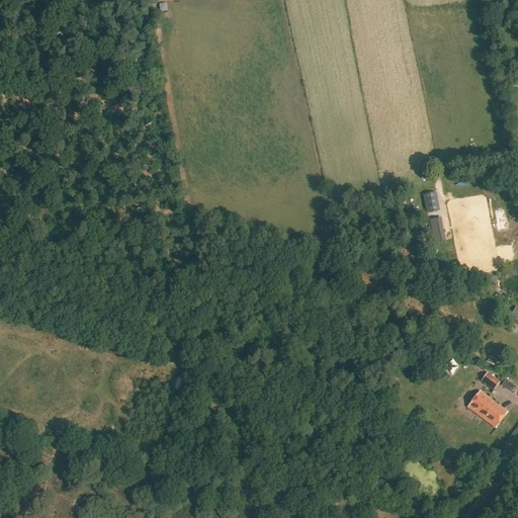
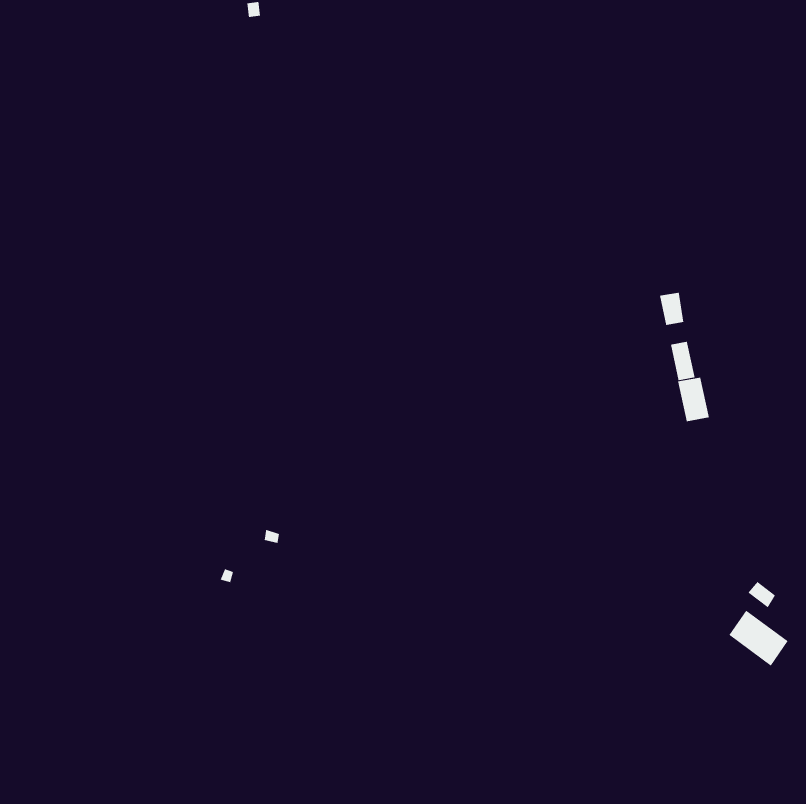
building: none -> [677,377,709,422]

